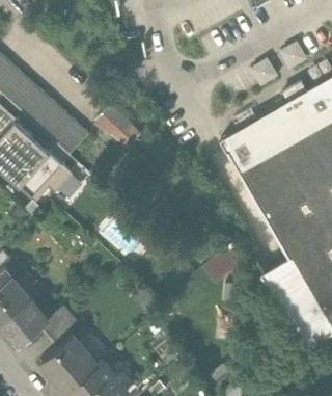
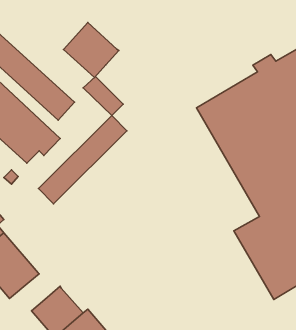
building: none -> [63,23,119,77]
building: none -> [39,116,127,204]
building: [38,309,81,350] -> none

